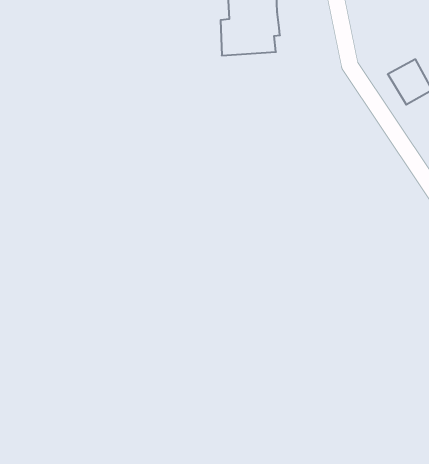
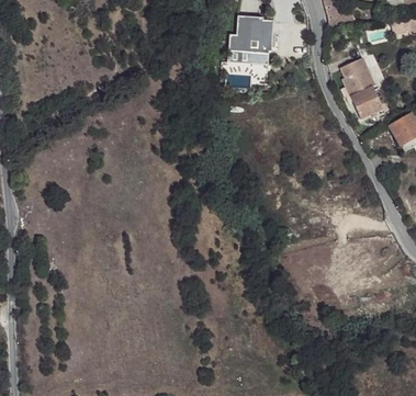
building: none -> [338,57,374,94]

